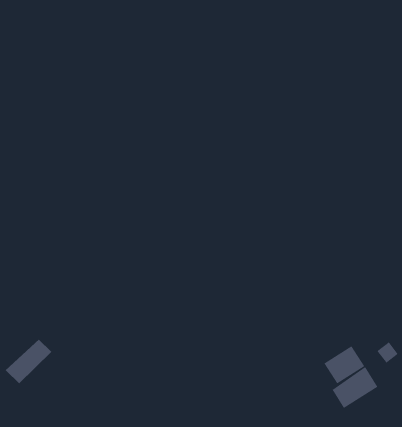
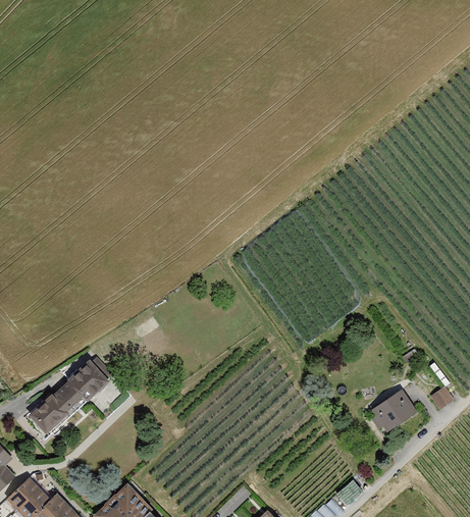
building: none -> [65,360,109,404]
building: [332,366,378,409] -> none

